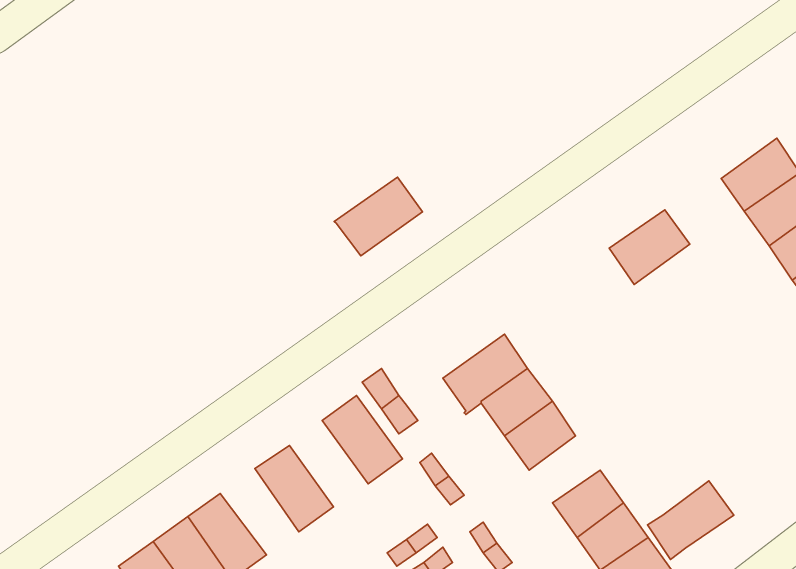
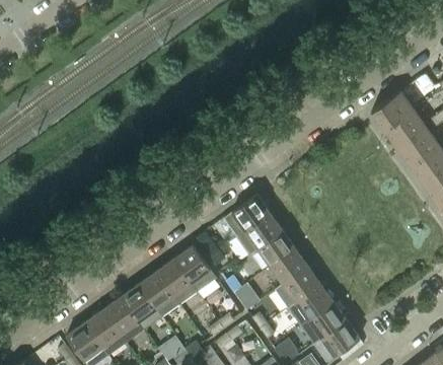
building: [334,177,422,256] -> [224,195,271,236]
building: [609,210,690,285] -> [372,91,415,131]
building: none -> [157,259,199,304]
building: none -> [121,284,162,330]
building: [647,481,734,559] -> [276,267,321,308]

